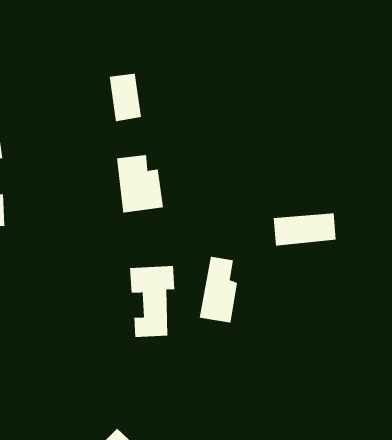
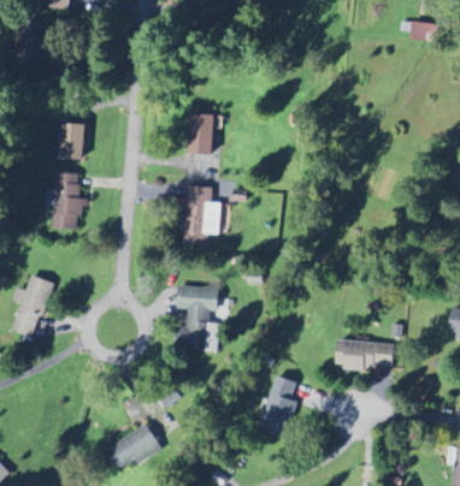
building: [273,213,337,246] -> [336,339,394,368]
building: [199,256,238,323] -> [258,374,297,437]

